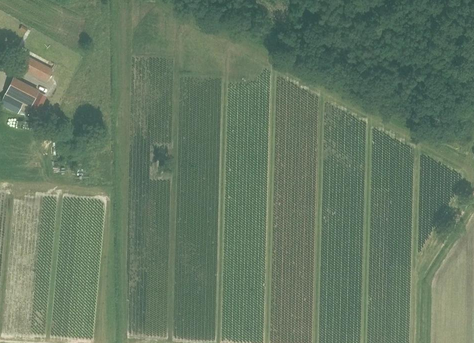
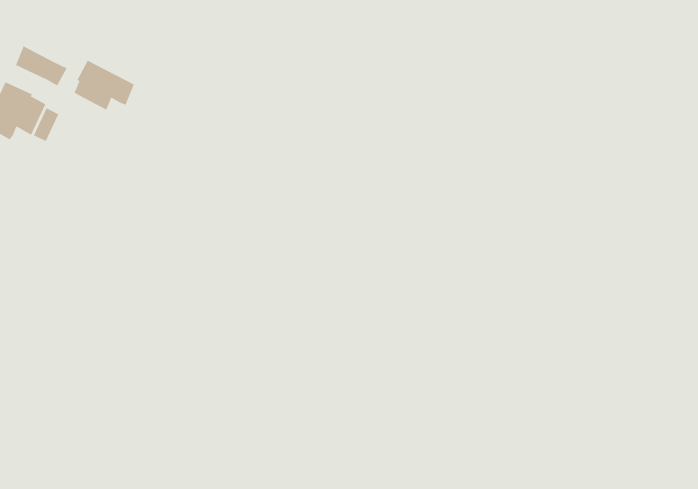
building: none -> [74,60,135,110]

